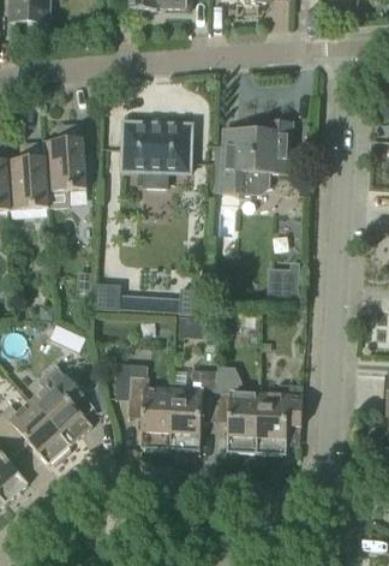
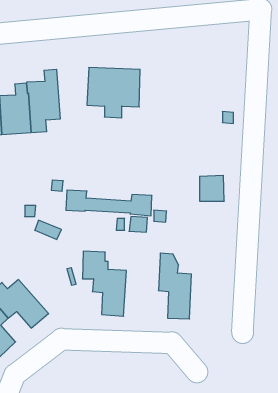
building: [220,120,292,198] -> none
building: [31,363,92,445] -> none
building: [169,368,217,449] -> none
building: [256,383,303,454] -> none

